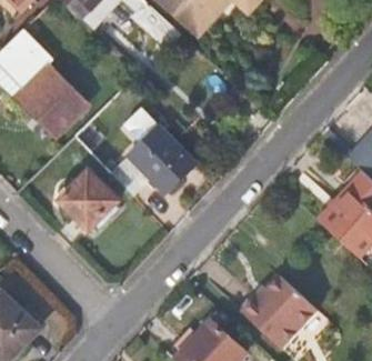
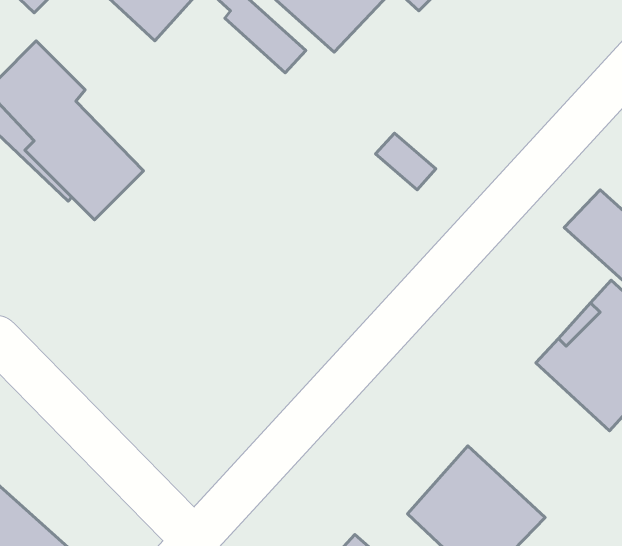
building: [111,109,195,197] -> none
building: [57,170,119,232] -> none

